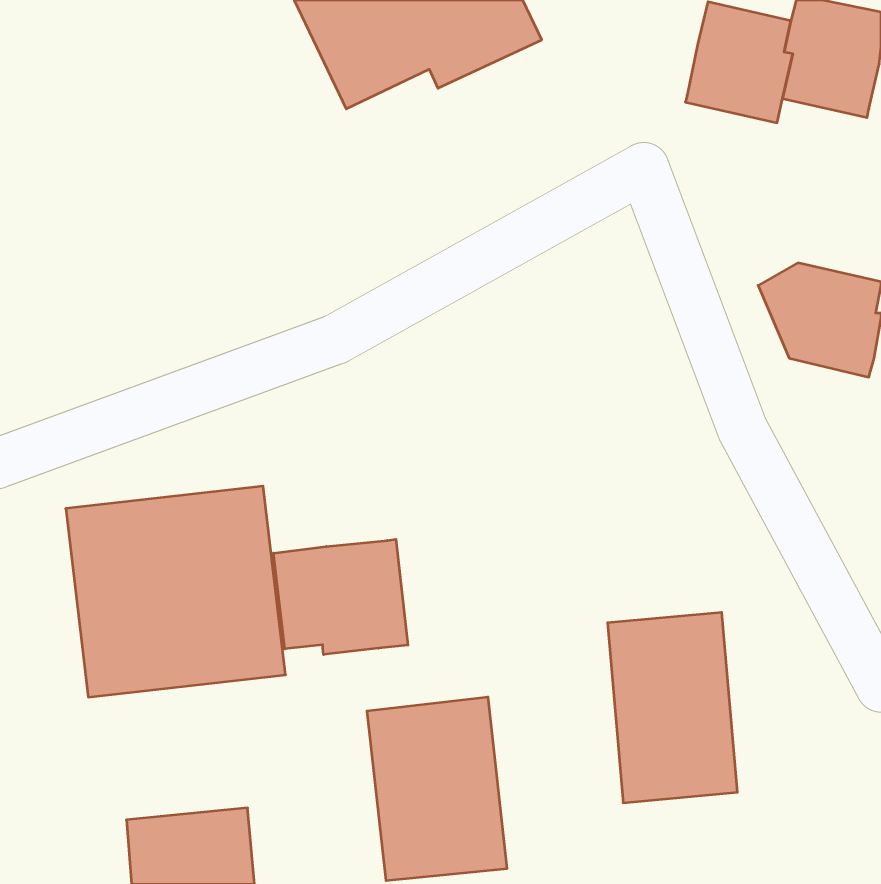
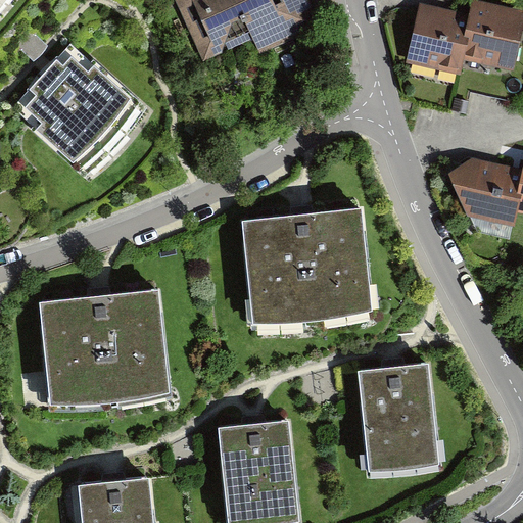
building: none -> [14,46,138,169]
building: none -> [245,208,370,331]
building: [273,539,408,655] -> none

